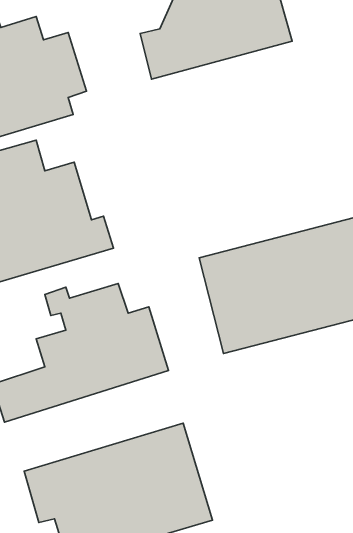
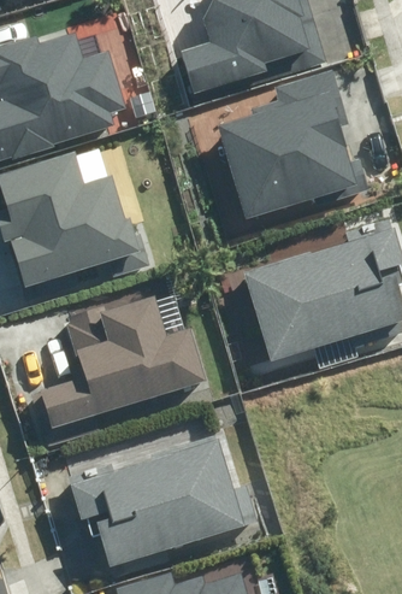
building: none -> [215,73,365,228]

